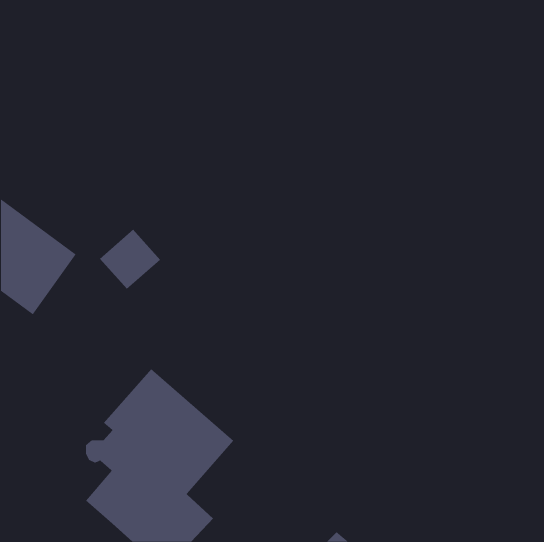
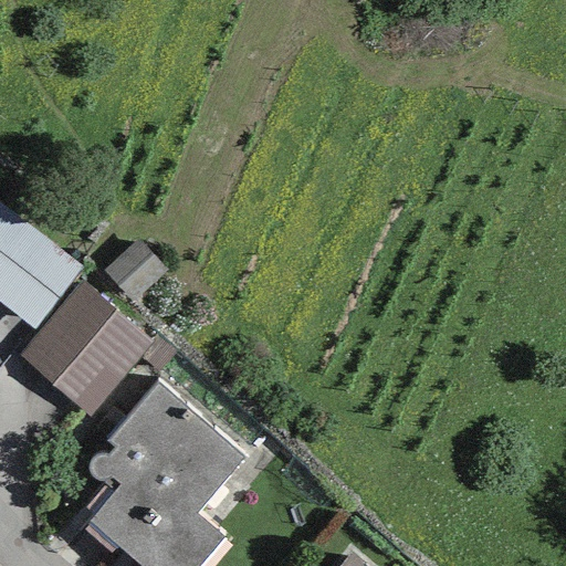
building: none -> [19,281,153,415]

